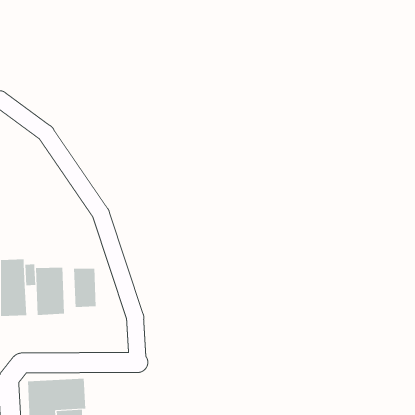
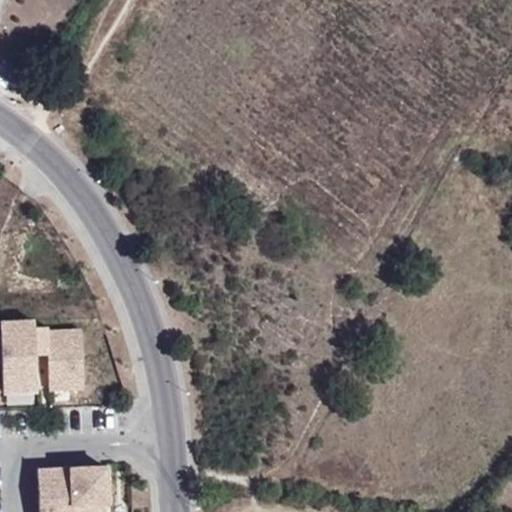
building: [74,268,96,308] -> none

